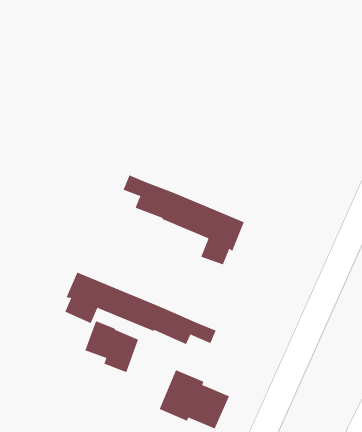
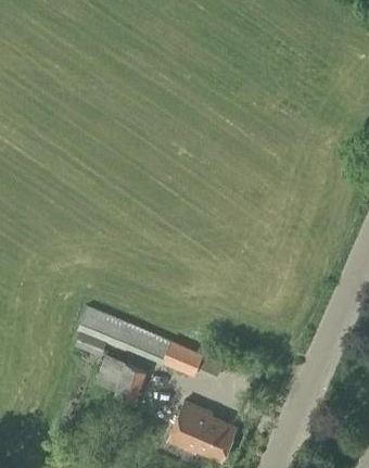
building: [123,175,245,265] -> none

